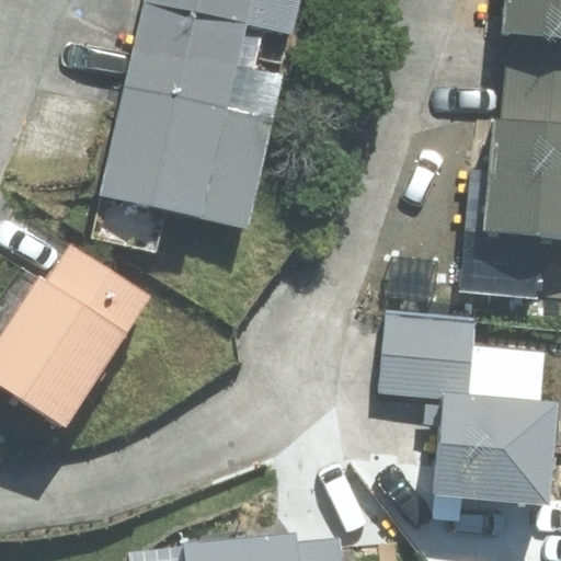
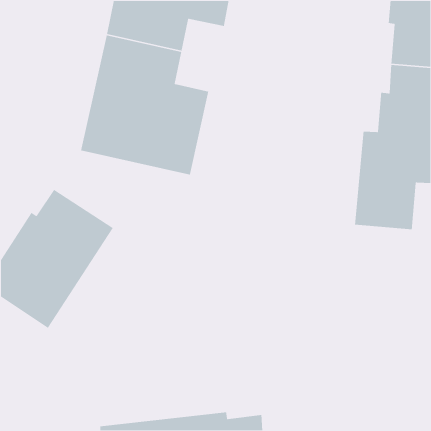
building: [385,316,556,502] -> none

